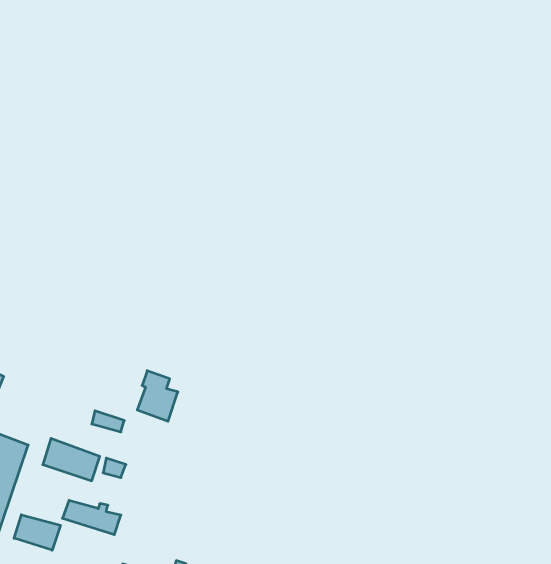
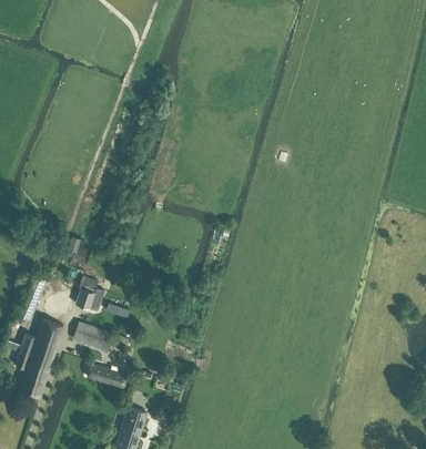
building: [137,371,178,421] -> [75,277,103,312]
building: [14,515,60,550] -> none

